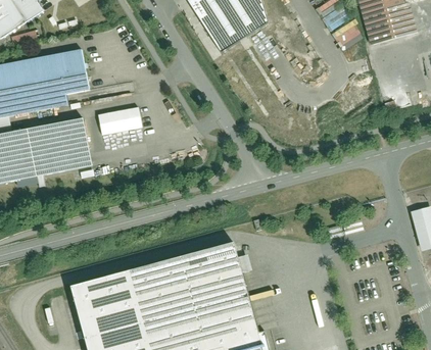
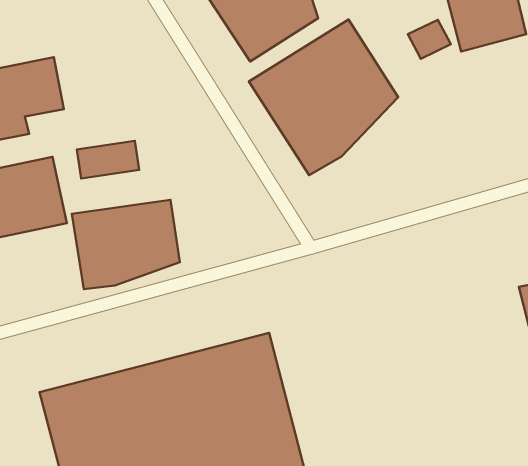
building: none -> [249,19,398,175]
building: none -> [72,200,180,289]

